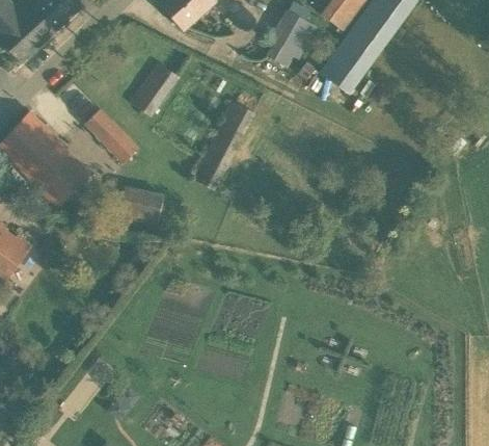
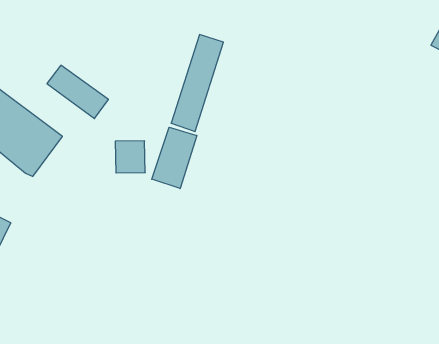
building: [129,62,178,115] -> none
building: none -> [152,127,197,189]

